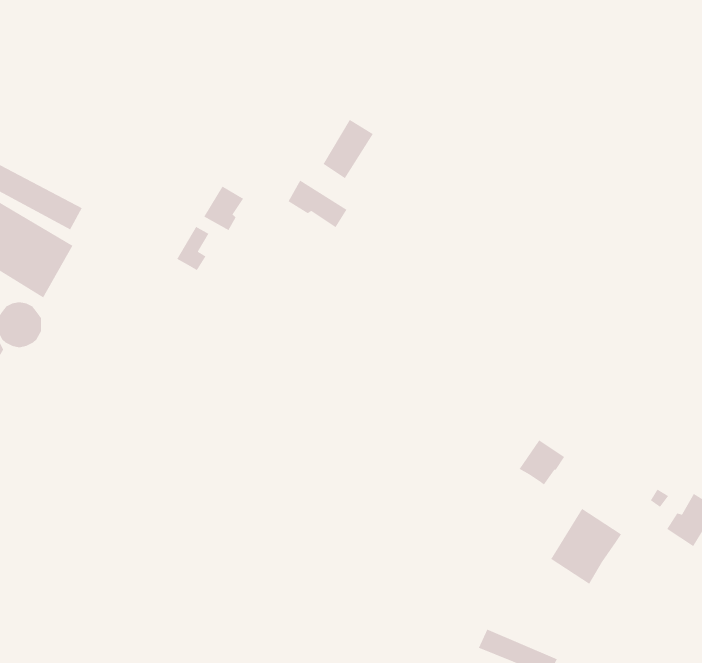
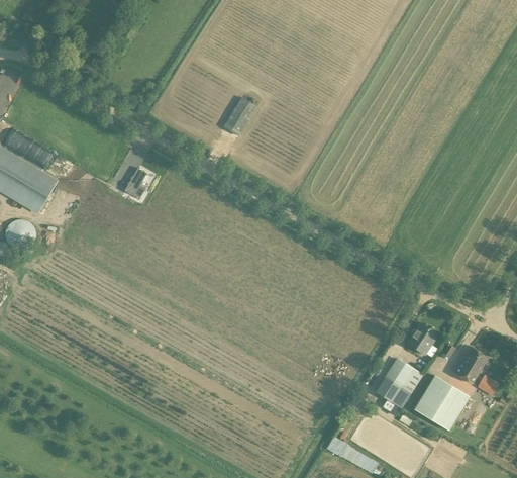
building: [288,180,347,228] -> none
building: [203,185,244,231] -> none
building: [519,439,565,486] -> [406,322,437,354]
building: none -> [414,375,468,429]

